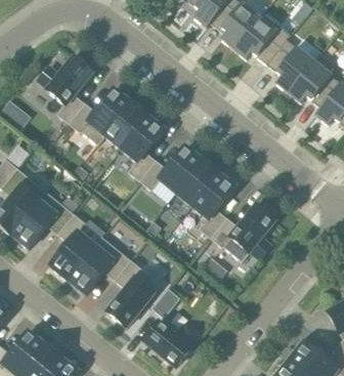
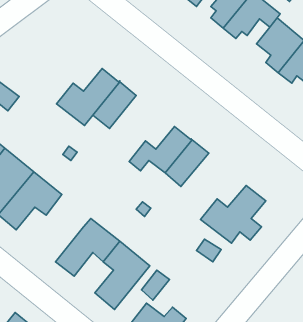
building: [39,56,92,123] -> none
building: [121,115,164,180] -> none
building: [191,172,235,238] -> none
building: [50,213,95,280] -> none

